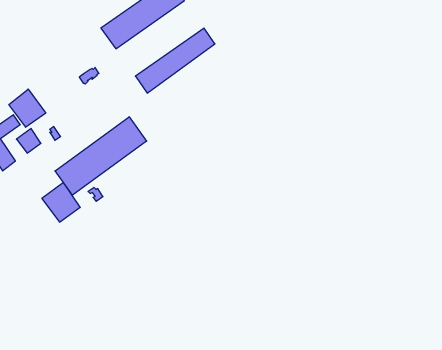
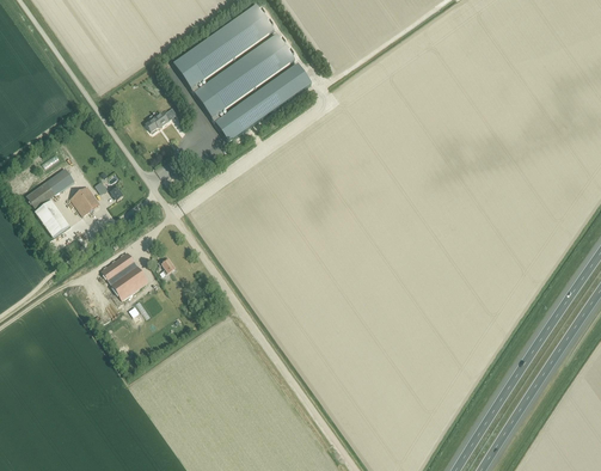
building: none -> [194,33,294,117]
building: [9,89,46,127] -> none
building: [55,117,147,195] -> none

